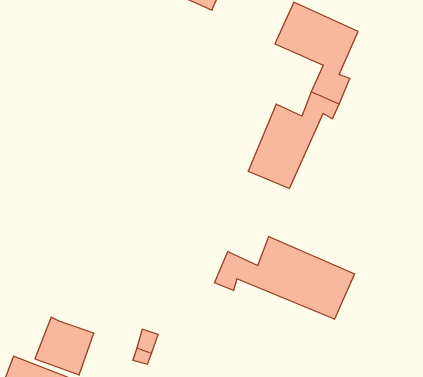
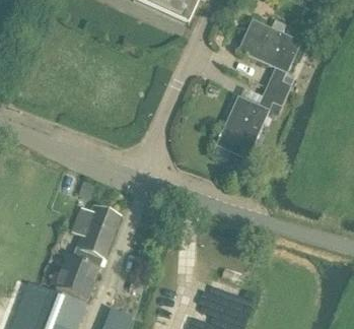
building: [214,236,354,319] -> none
building: none -> [72,204,120,267]

